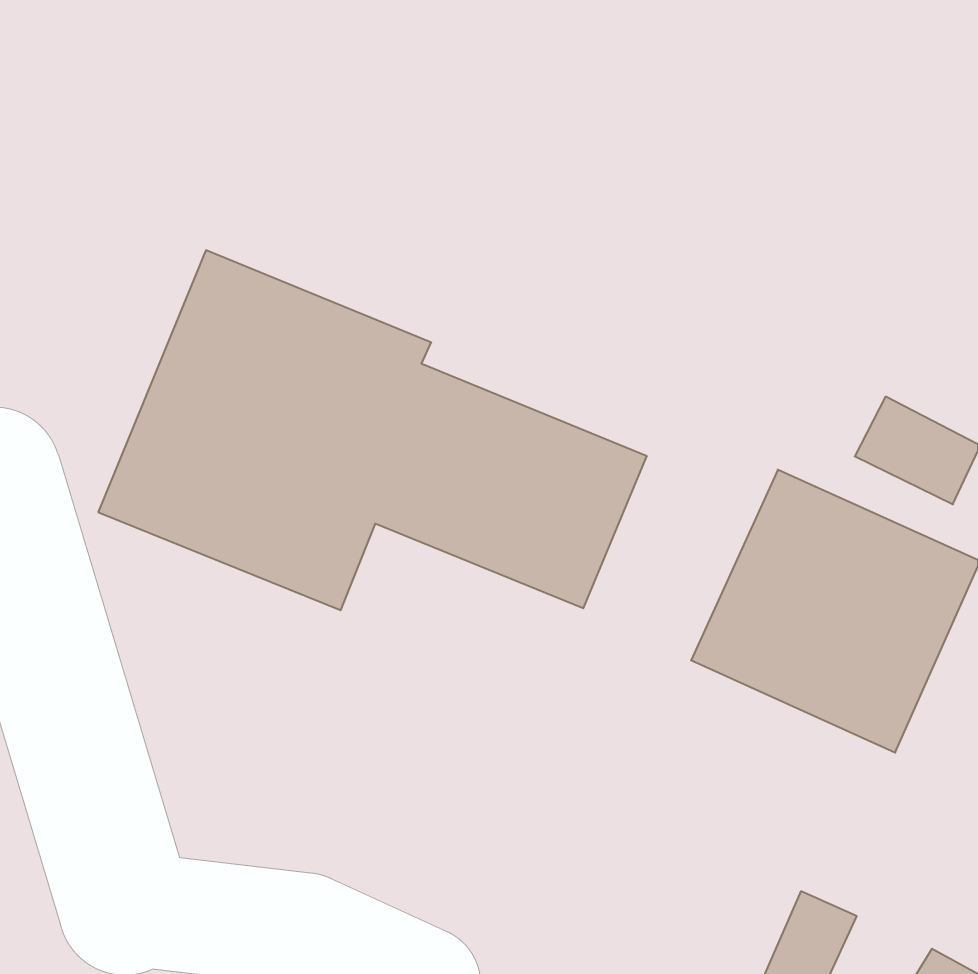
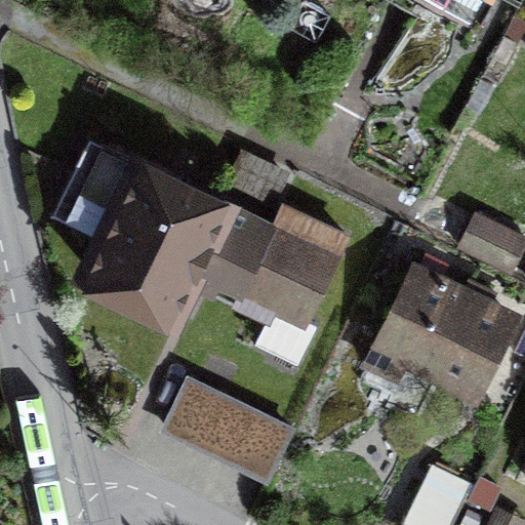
building: none -> [158,383,292,489]

